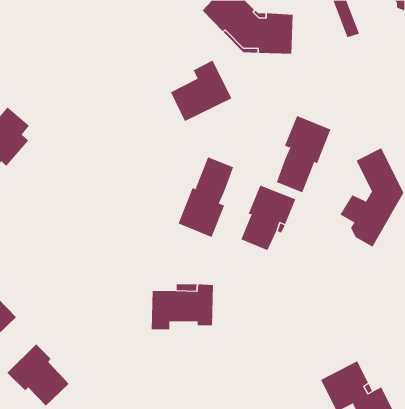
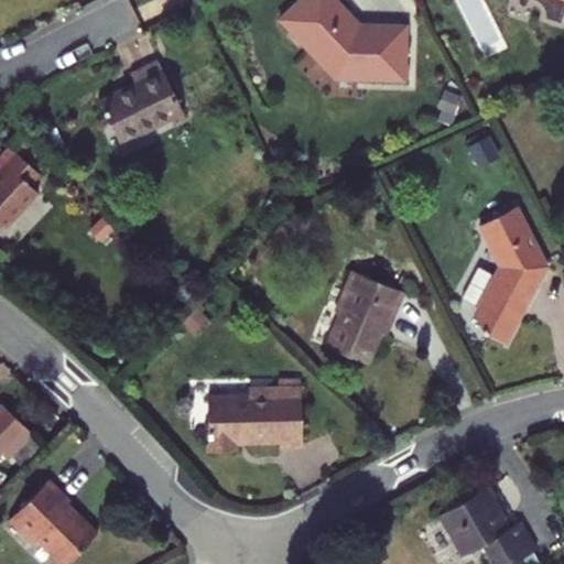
building: [170,60,232,122] -> [104,62,188,147]
building: [276,115,331,193] -> none
building: [178,156,234,238] -> none

